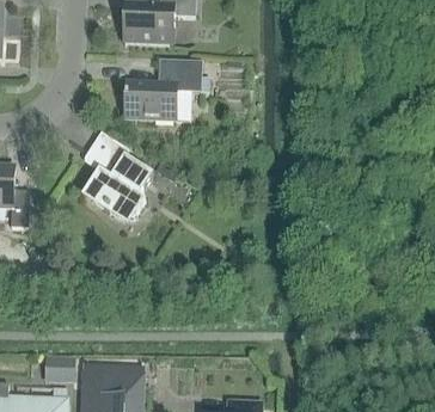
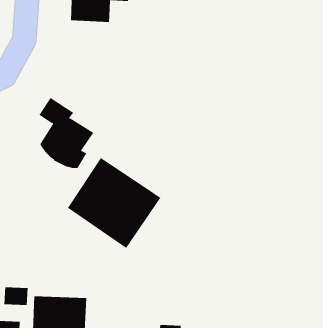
building: [125,59,202,118] -> none
building: none -> [67,157,161,249]

